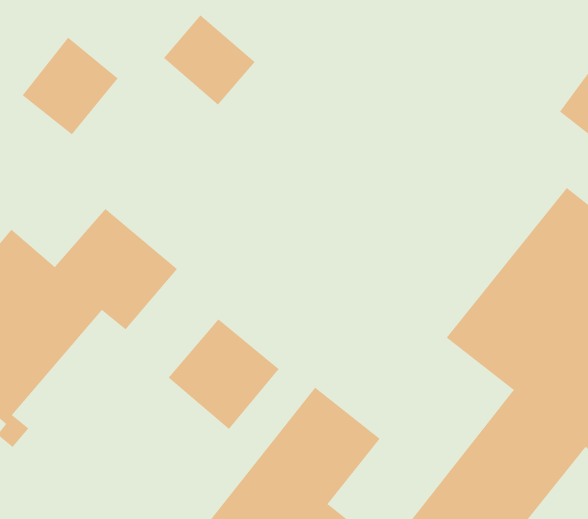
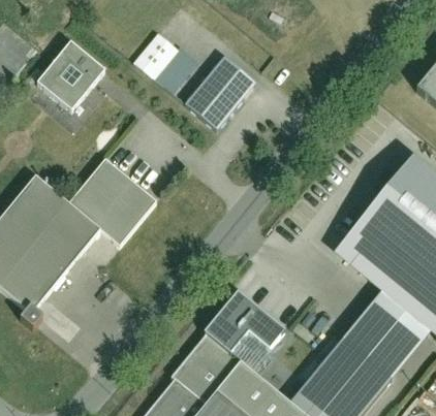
building: none -> [187,61,256,133]
building: [168,318,279,430] -> none

